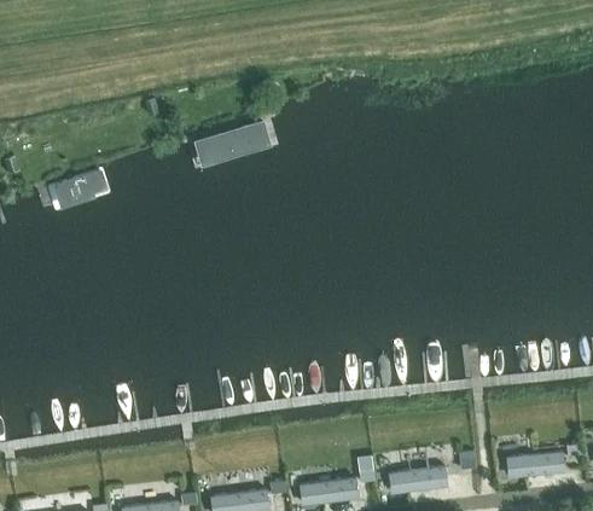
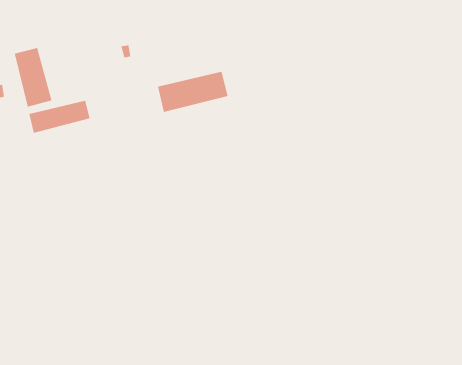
building: none -> [14,47,52,107]

